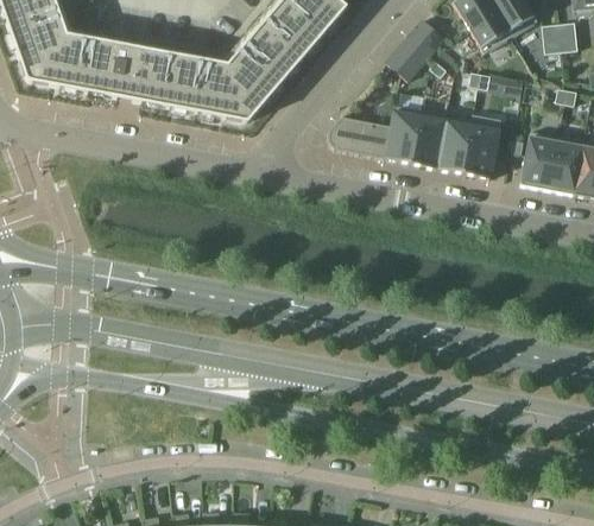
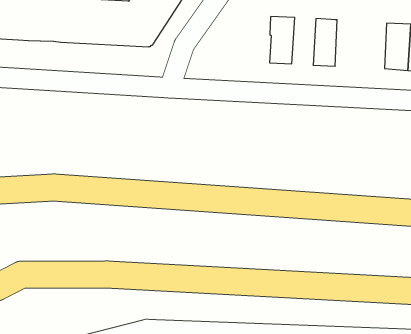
building: [411,109,447,169] -> none
building: [462,113,501,178] -> none
building: [327,116,391,159] -> none

